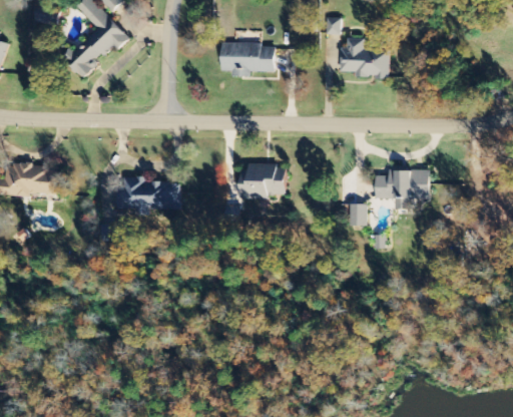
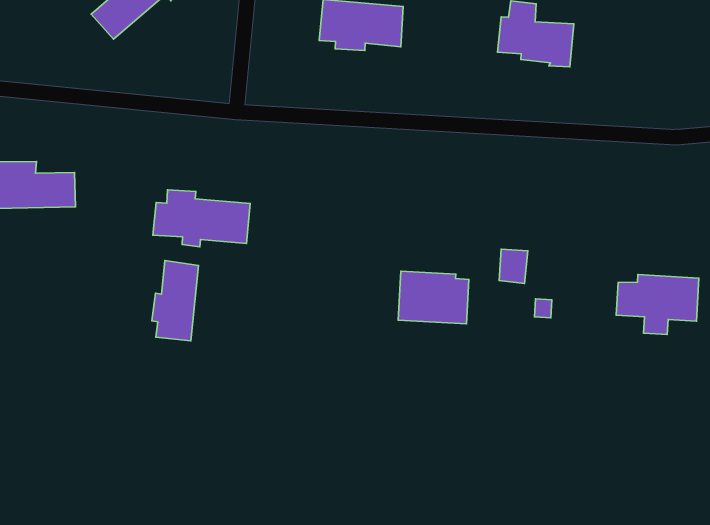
building: [239,163,286,196] -> [398,271,469,324]
building: [376,168,430,207] -> [616,275,699,334]
building: none -> [152,261,199,341]

